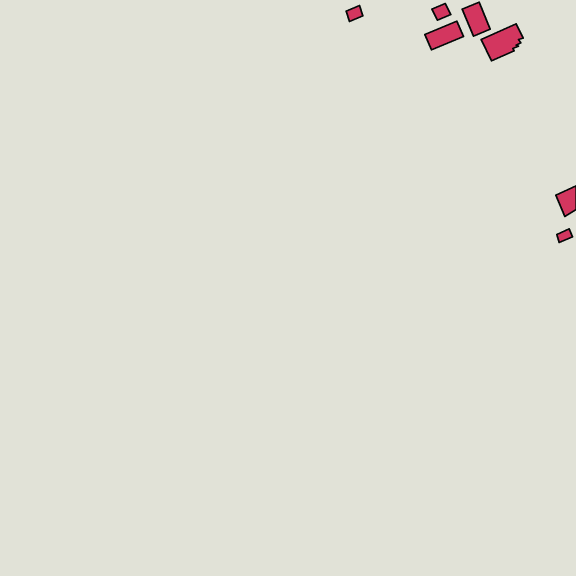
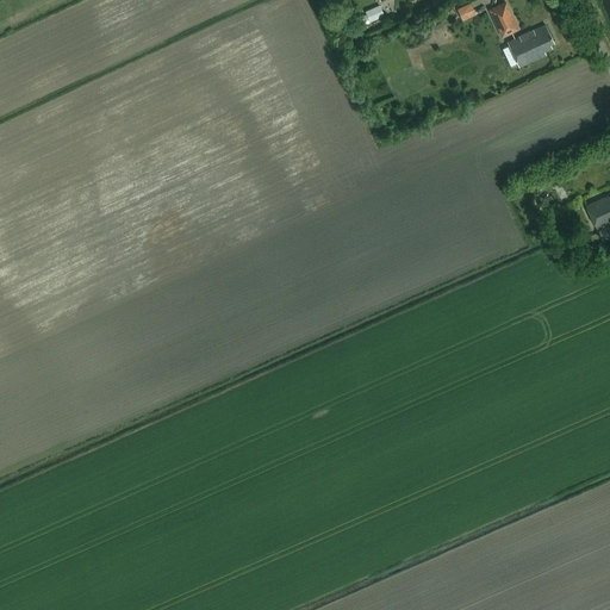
building: [425,21,463,50] -> none

